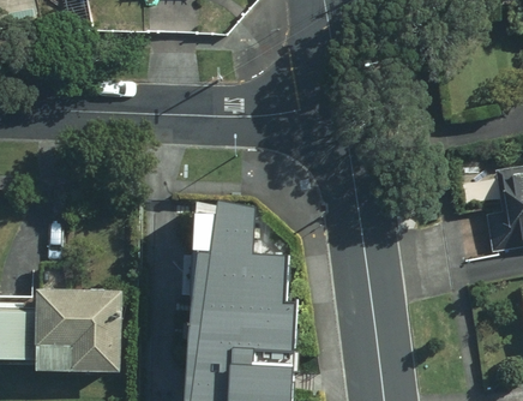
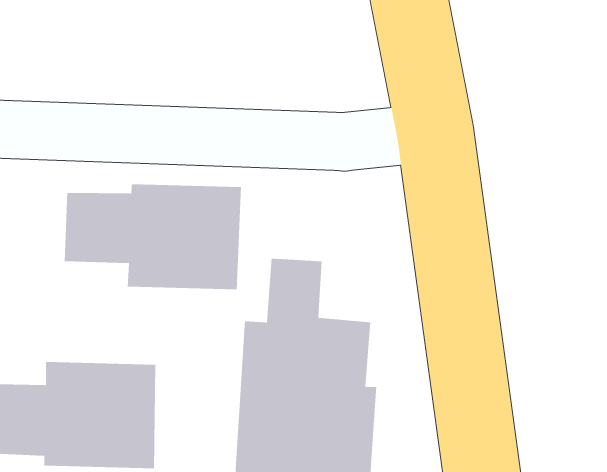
building: none -> [64,184,242,290]

